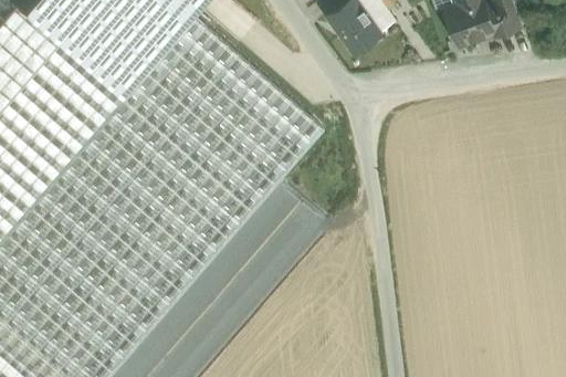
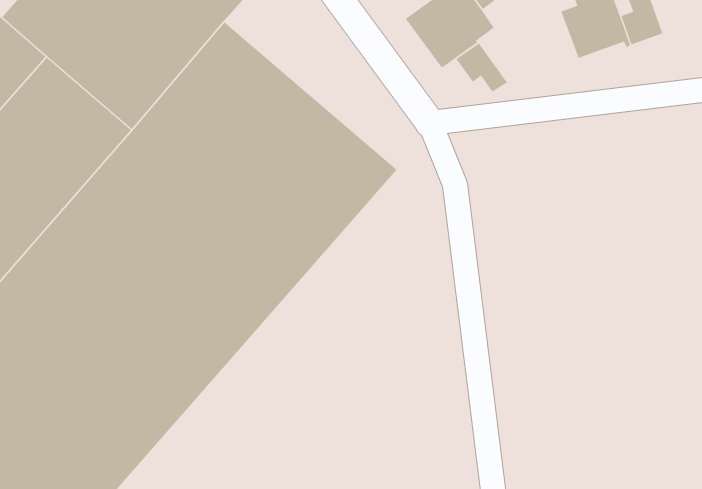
building: none -> [456,42,508,92]

